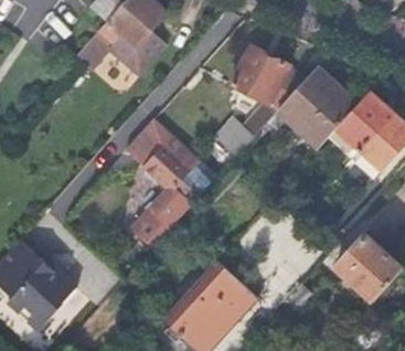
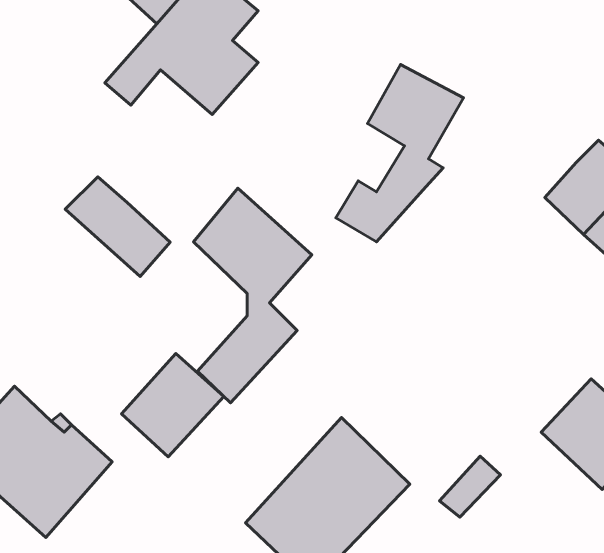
building: [277,66,356,147] -> none
building: none -> [65,177,170,276]
building: none -> [122,354,224,457]

